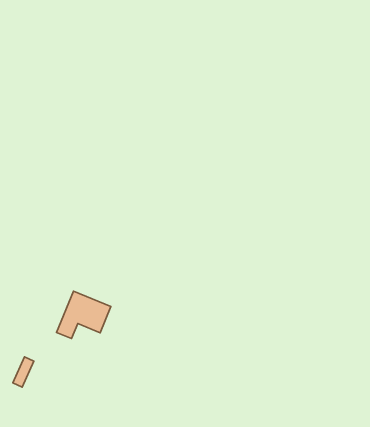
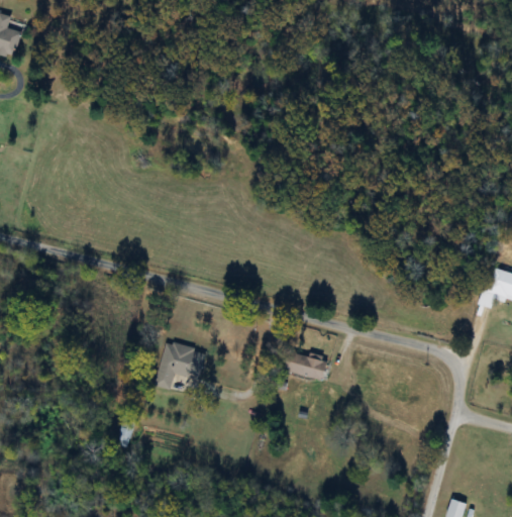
building: none -> [282,350,327,381]

